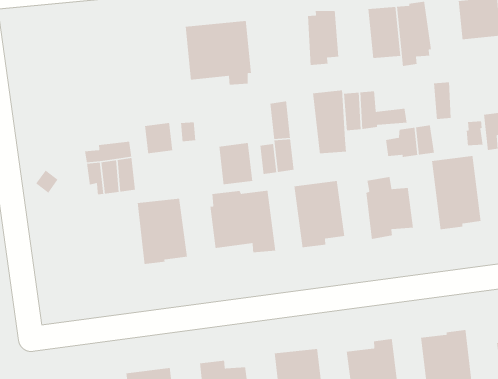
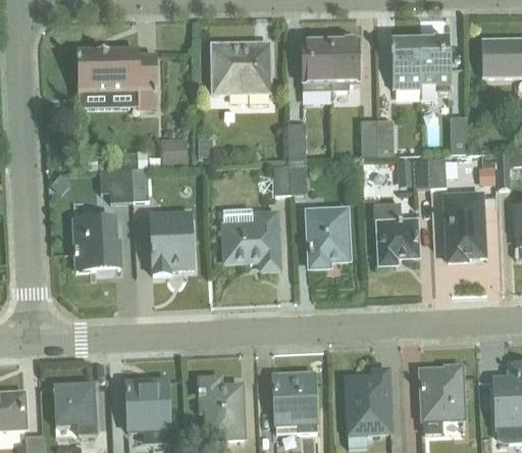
building: none -> [76,50,157,110]
building: [312,89,347,154] -> [301,41,331,103]
building: [218,142,253,185] -> none
building: none -> [74,218,119,269]

